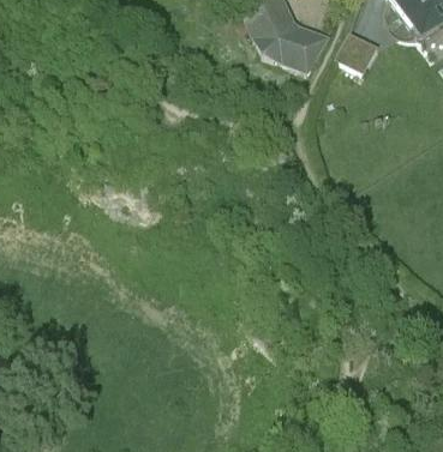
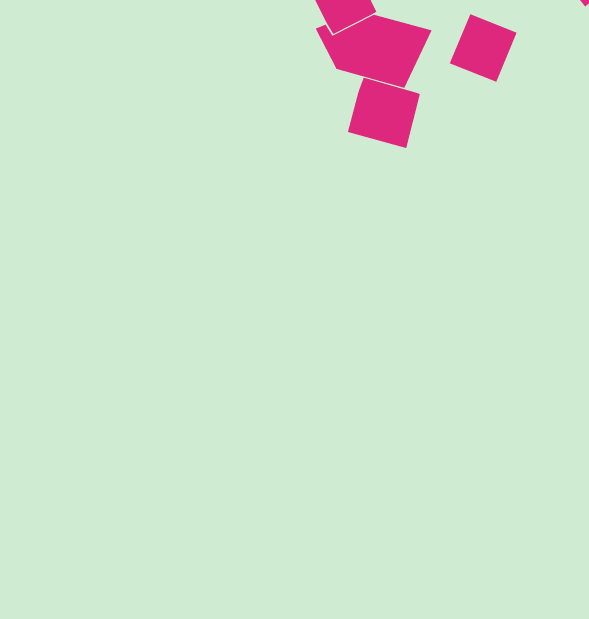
building: none -> [347,77,420,149]

